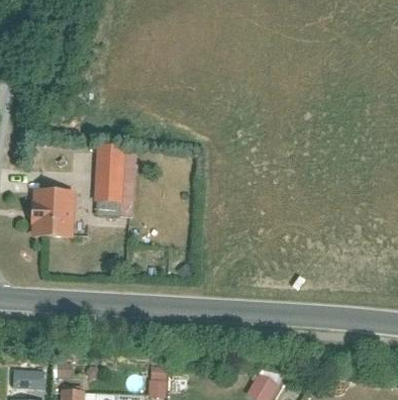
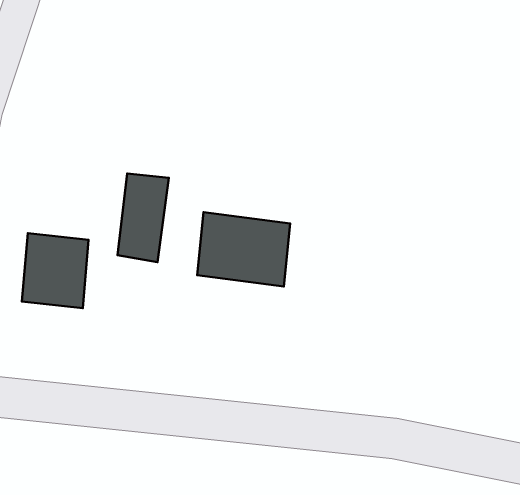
building: none -> [197,212,290,287]

